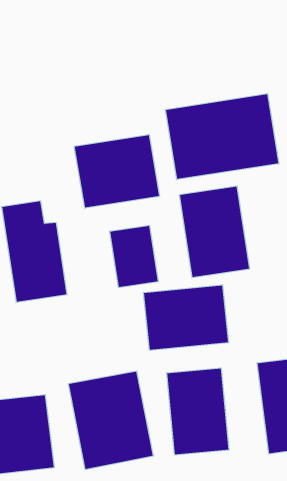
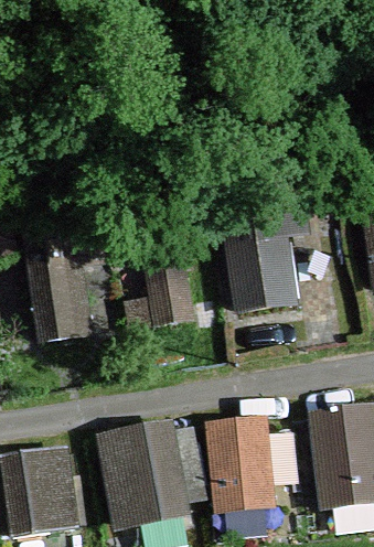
building: [165,94,279,180] -> none
building: [74,134,160,208] -> none
building: [144,285,228,350] -> none

